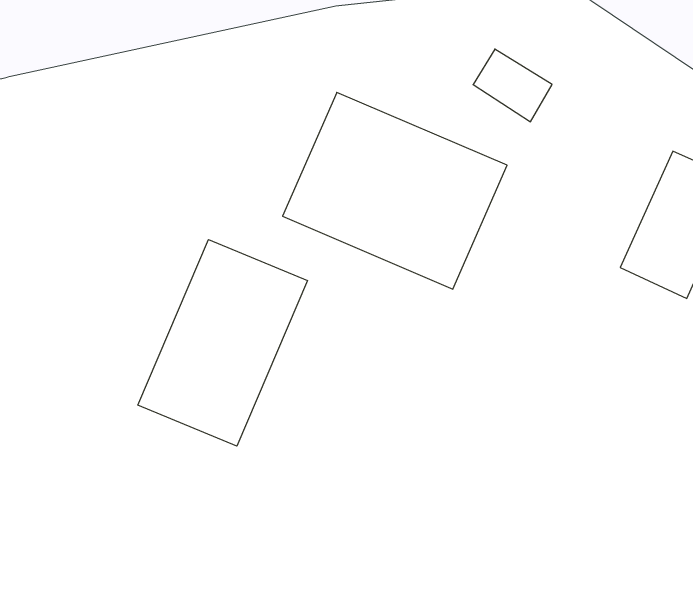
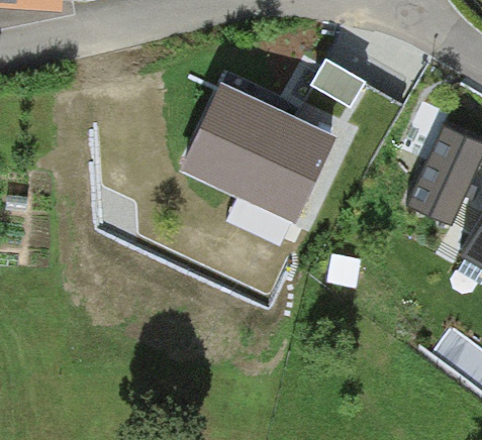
building: [138,240,308,446] -> none

